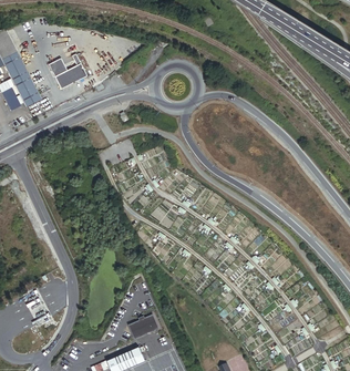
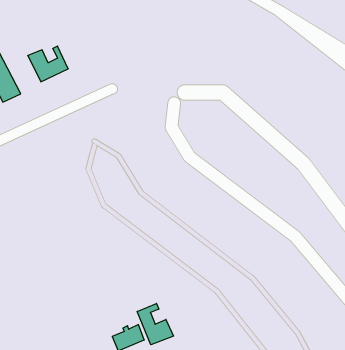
building: none -> [137,303,174,345]

